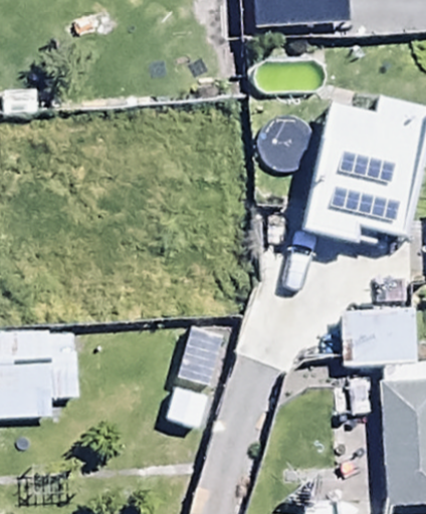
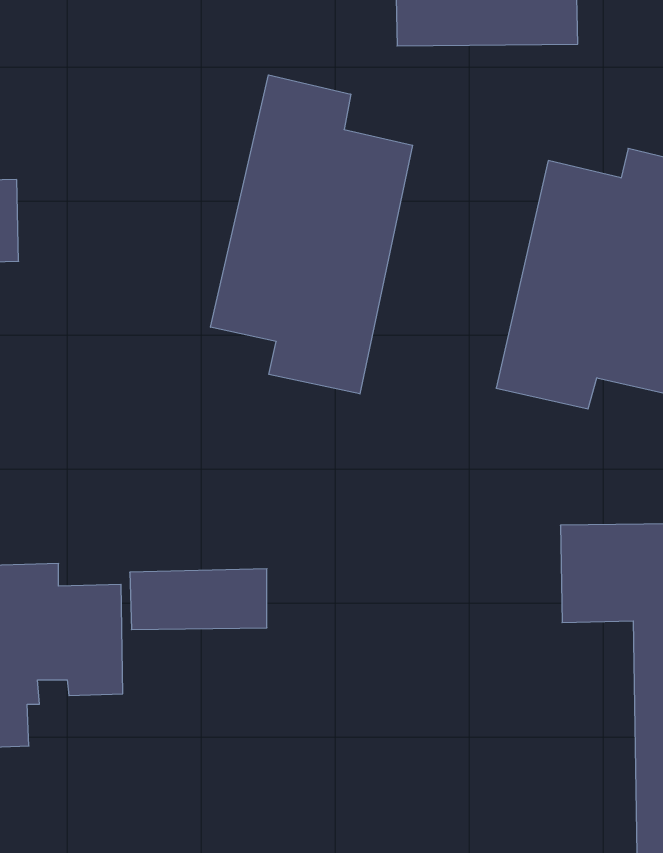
building: none -> [211,75,413,394]

